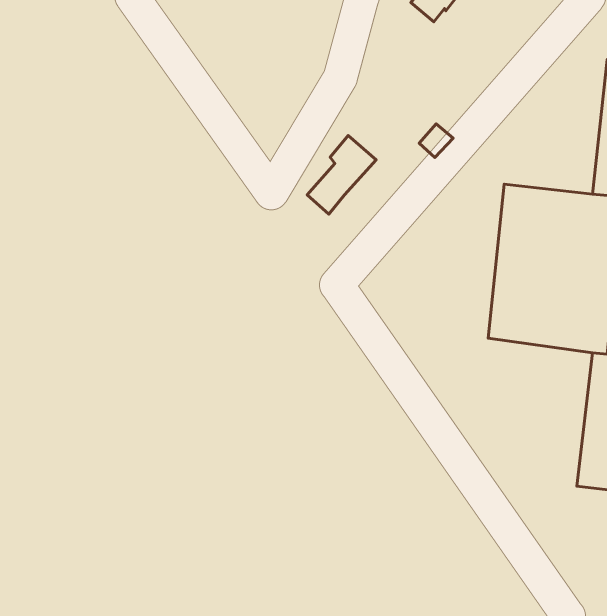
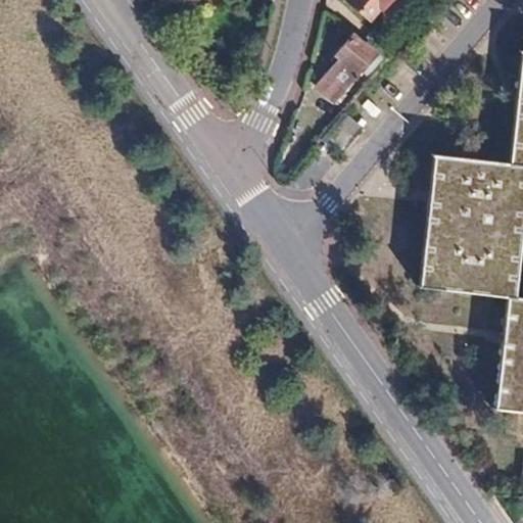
building: [307,135,376,214] -> [325,34,383,100]

